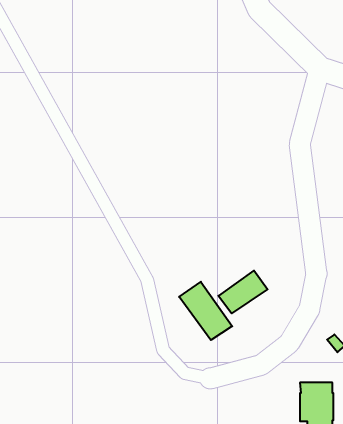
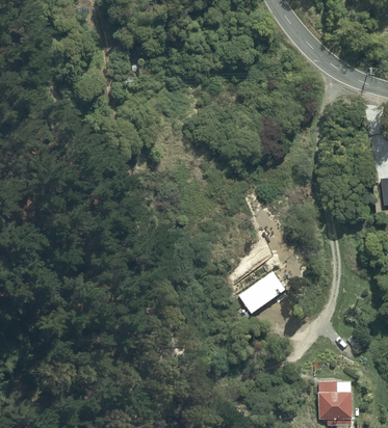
building: [179,282,232,340] -> none

